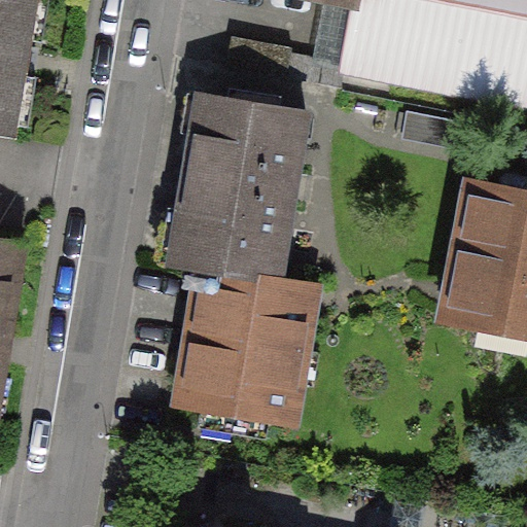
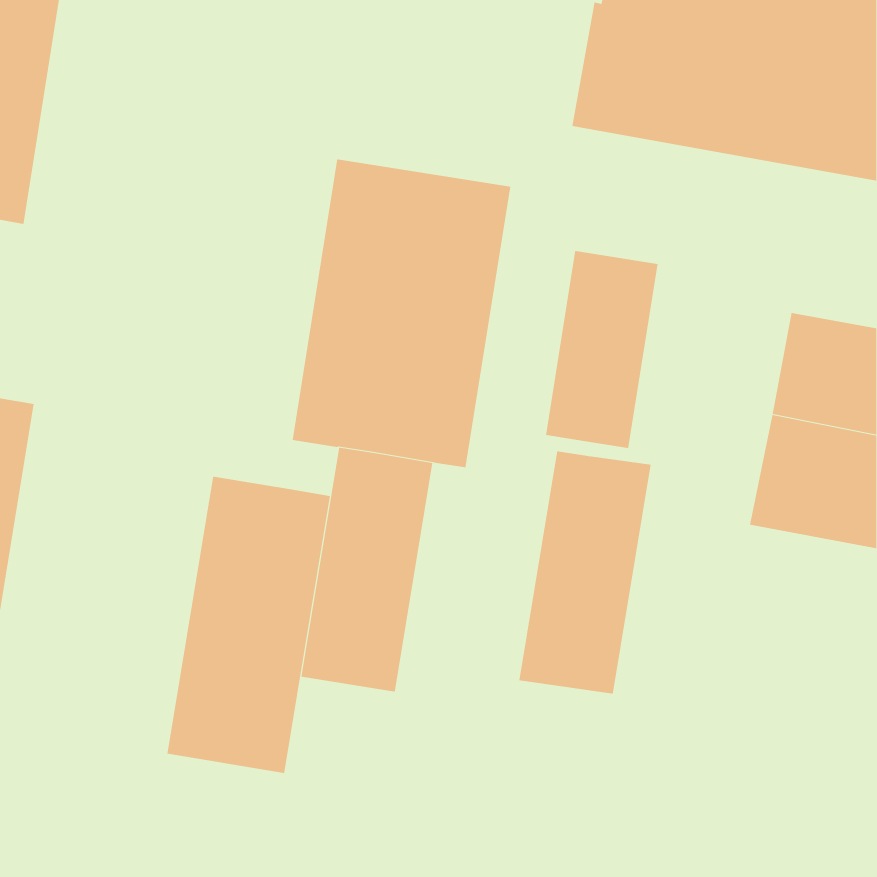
building: none -> [545,250,658,449]
building: [236,276,315,421] -> [519,451,651,694]
building: none -> [167,476,330,774]

